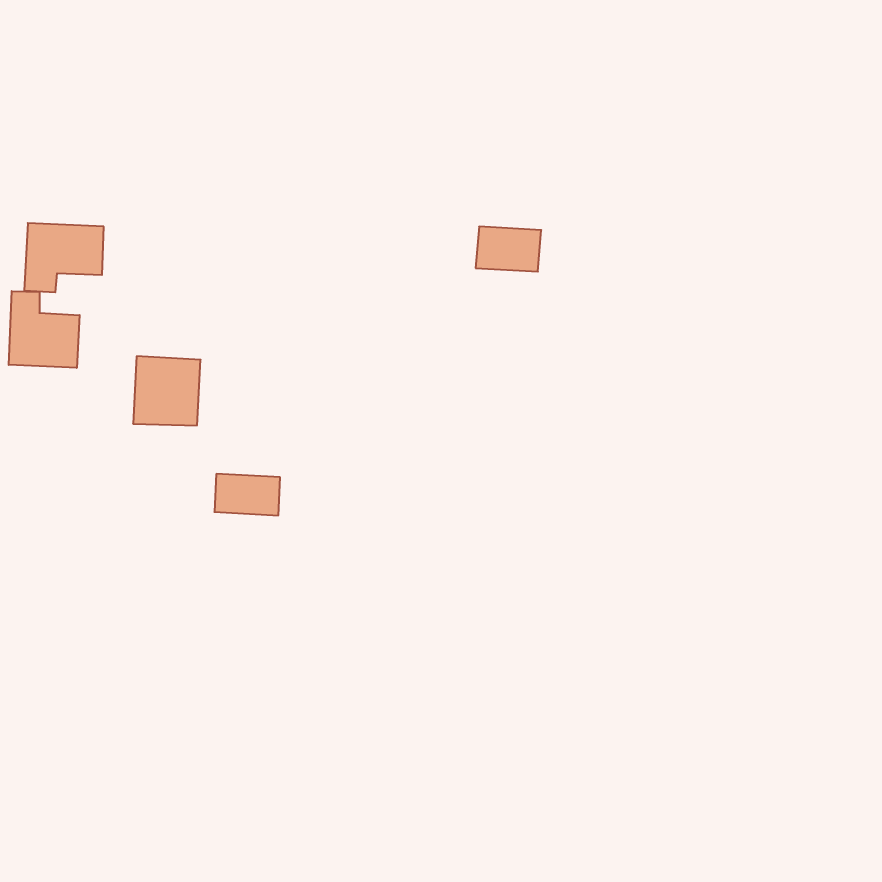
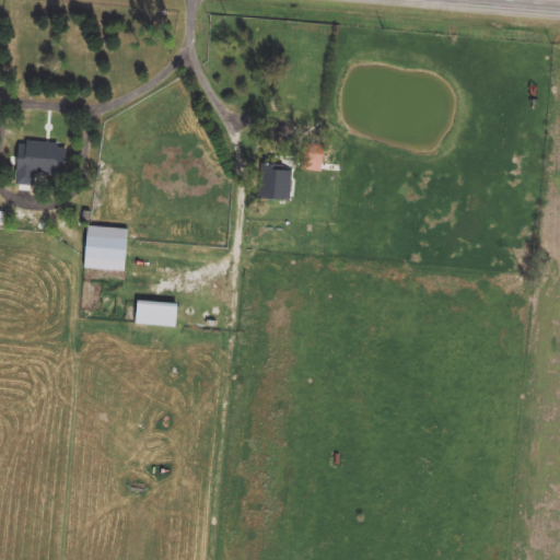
building: none -> [258,161,290,199]
building: [9,291,80,368] -> none

